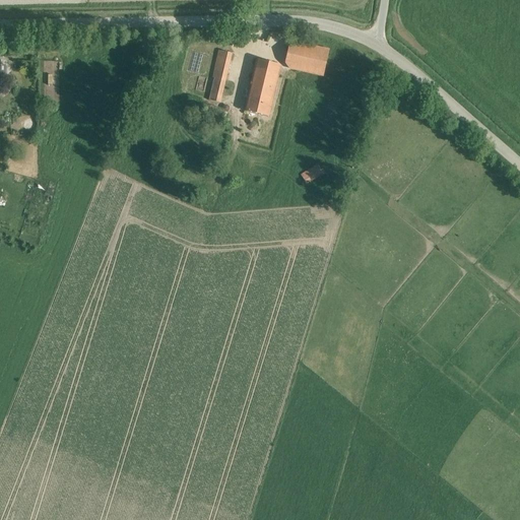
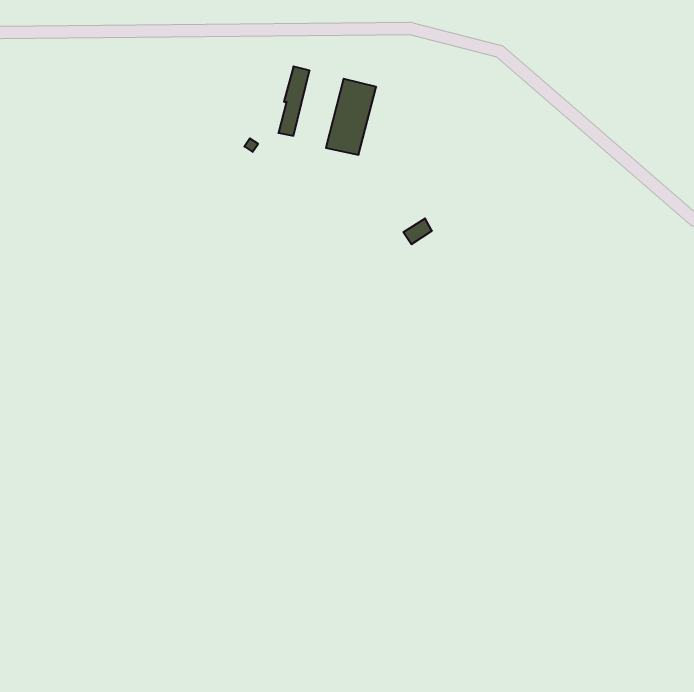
building: [285,40,329,75] -> none

